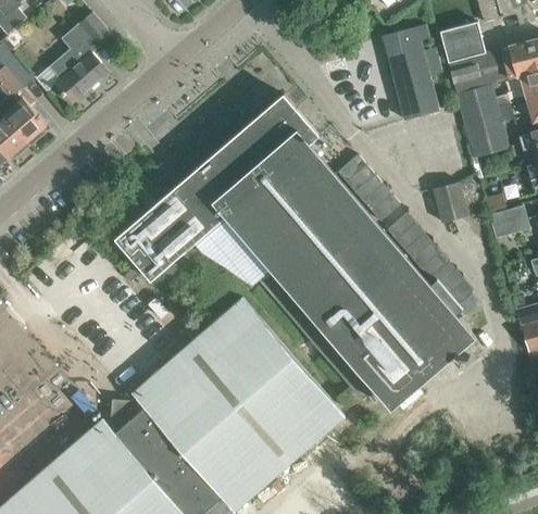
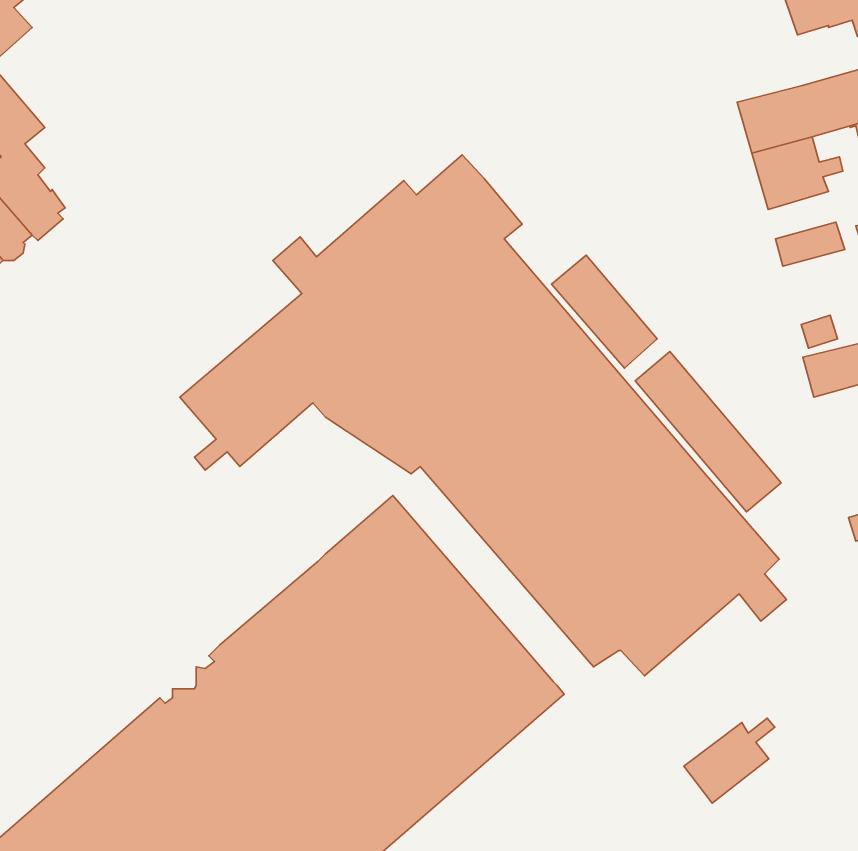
building: [50,13,112,104] -> none
building: [440,22,486,63] -> none
building: [381,25,439,121] -> none
building: [466,116,506,145] -> none
building: [434,180,470,221] -> none
building: none -> [684,718,775,803]

